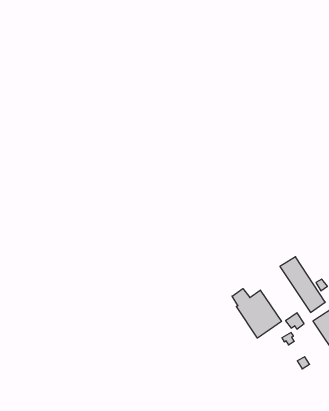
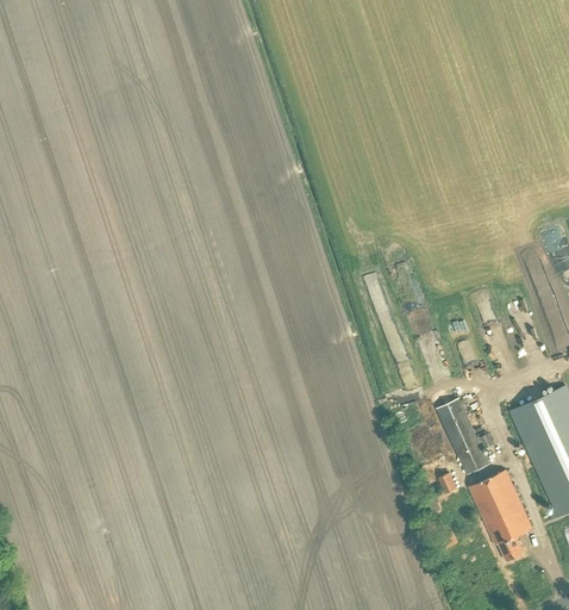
building: [232,289,281,338] -> none

